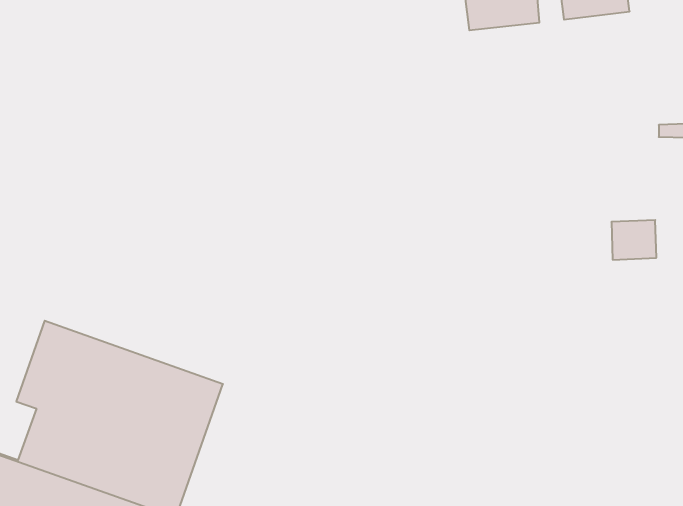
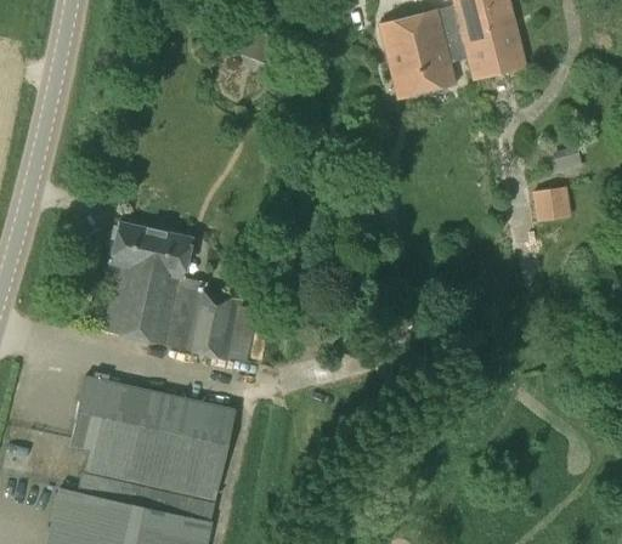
building: none -> [104,222,258,362]
building: [611,220,656,260] -> [532,187,572,223]

